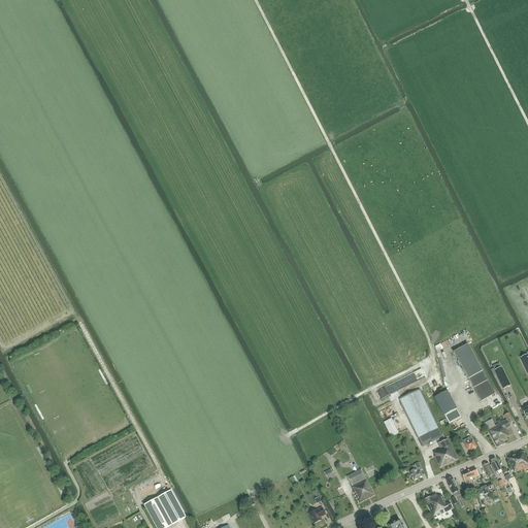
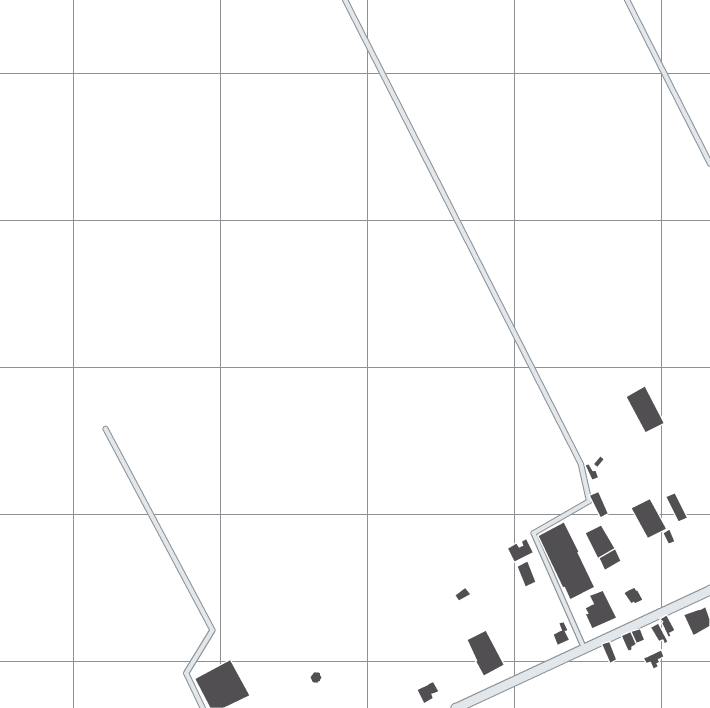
building: [454,342,483,377] -> [626,386,665,433]
building: [486,411,514,447] -> none
building: [425,493,453,518] -> none

